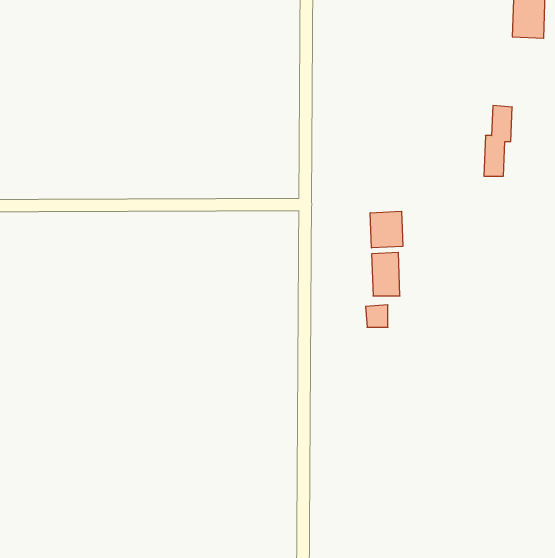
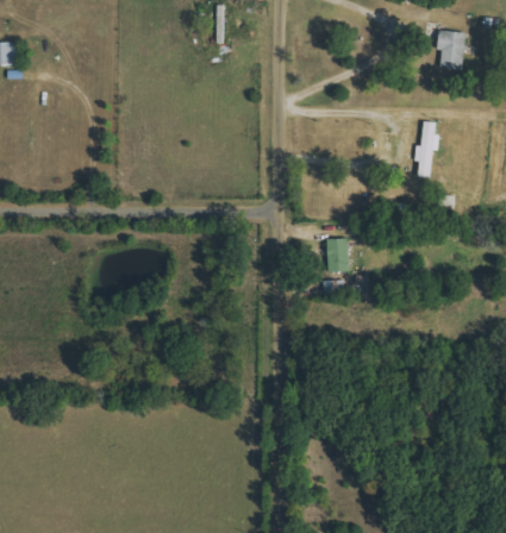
building: [370,211,403,248] -> none

